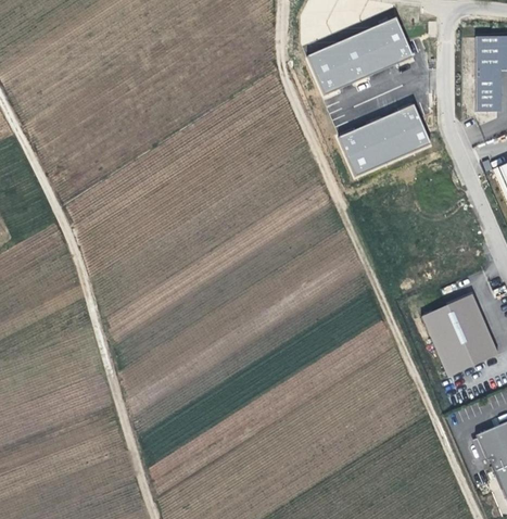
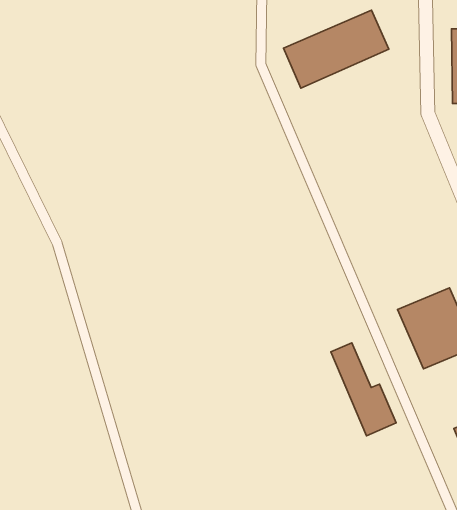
building: [339,103,432,176] -> none
building: none -> [331,343,396,436]

